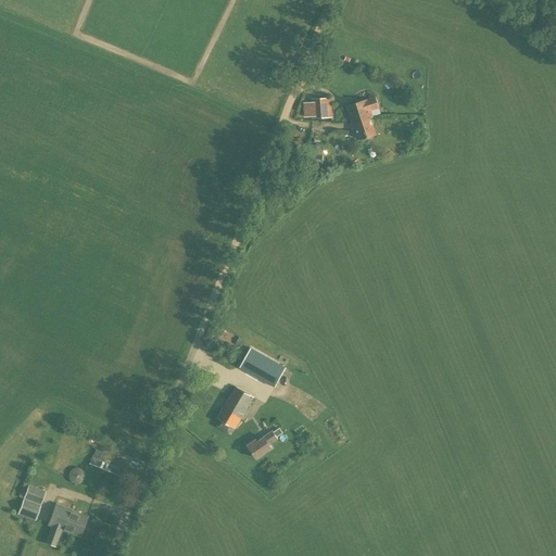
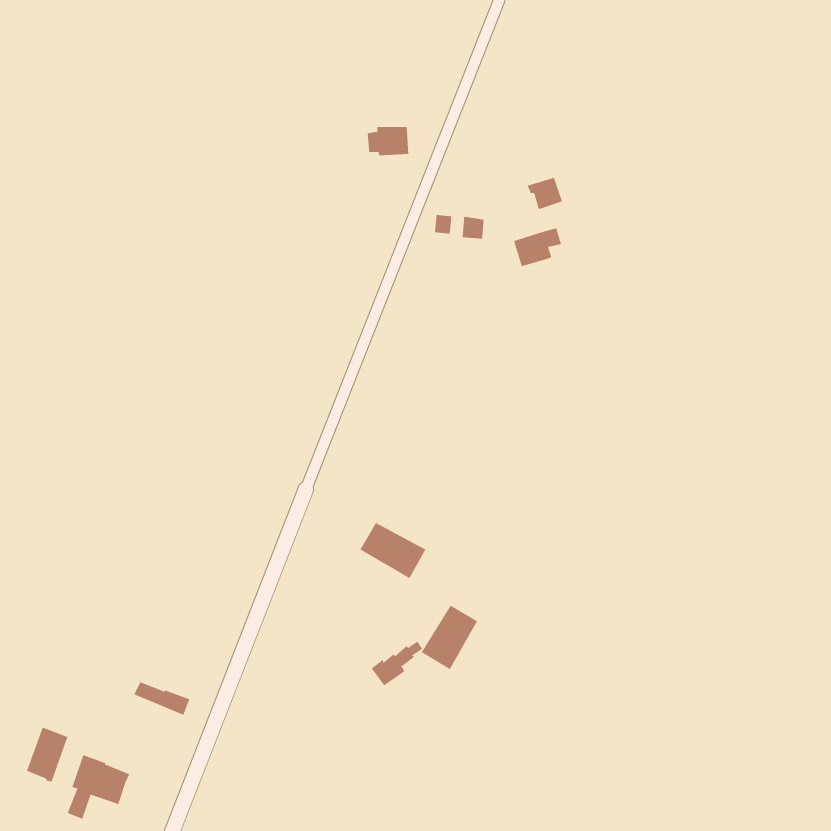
building: [346,98,379,124] -> [513,228,562,267]
building: [304,99,332,118] -> [367,127,409,156]
building: [216,387,254,430] -> [421,605,478,670]

